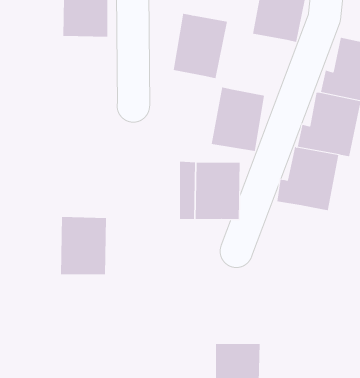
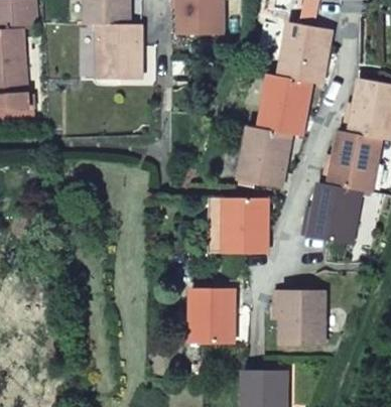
building: [173,13,228,79] -> [259,74,311,136]
building: [60,217,107,275] -> [189,287,234,343]
building: none -> [274,289,327,344]

